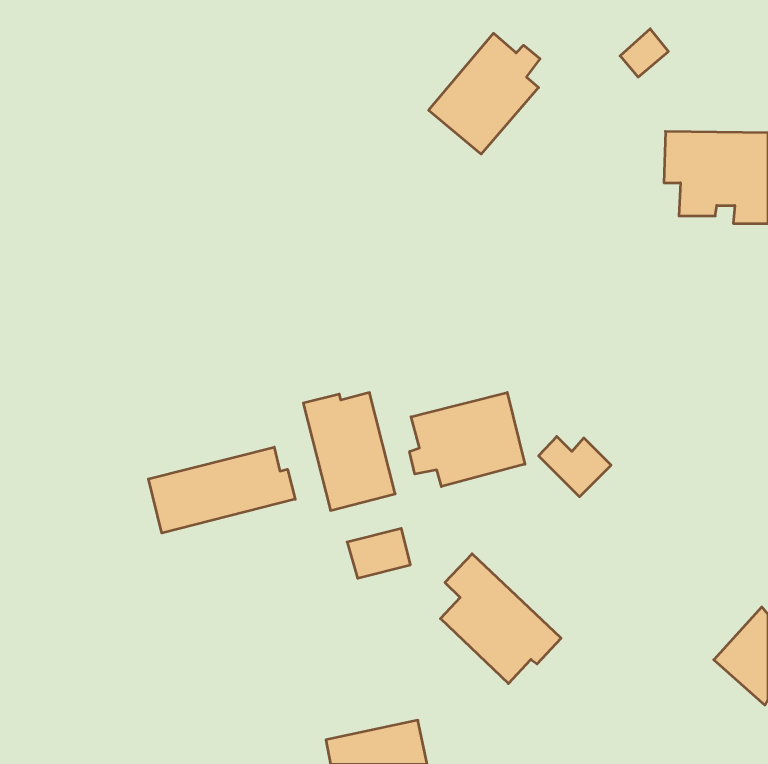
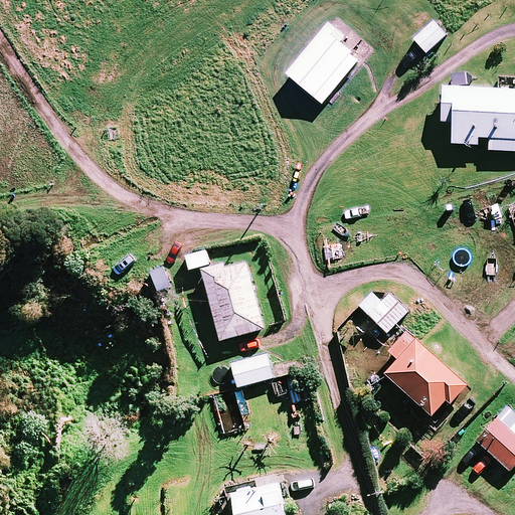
building: [410,392,525,487] -> none
building: [148,447,295,533] -> none
building: [440,554,561,684] -> [386,330,467,416]

